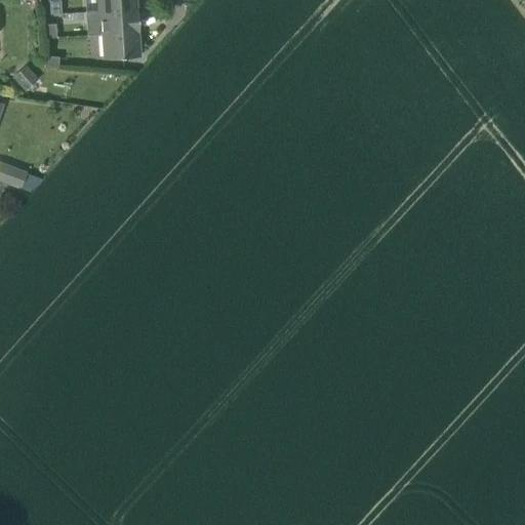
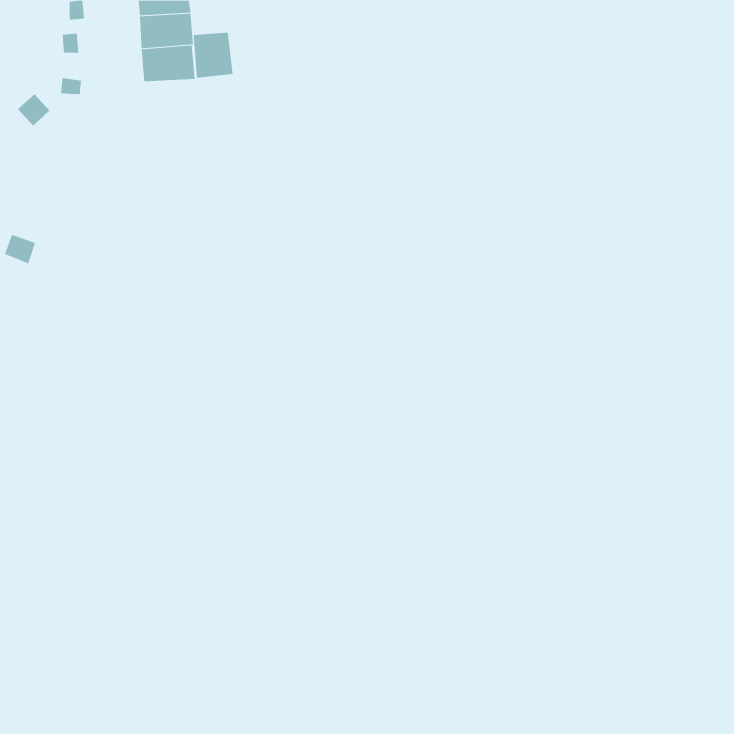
building: none -> [193,32,233,78]

